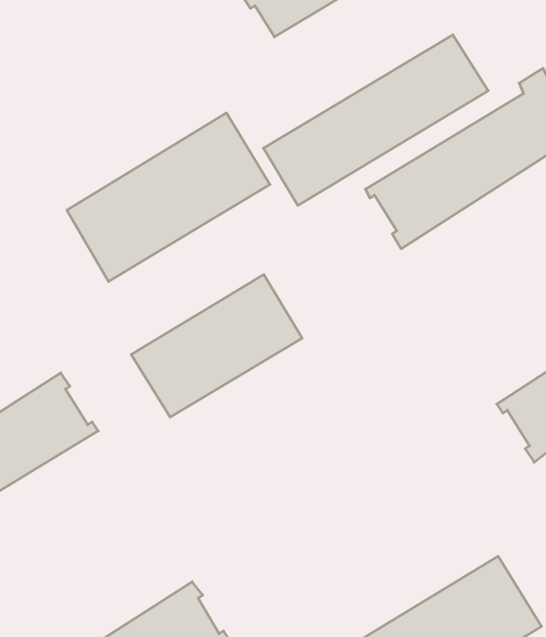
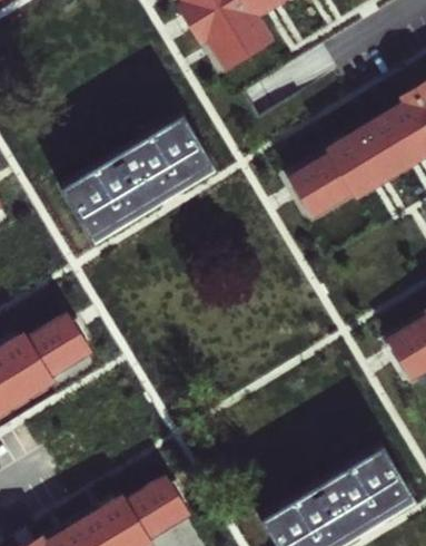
building: [263,35,488,205] -> none
building: [131,275,302,417] -> none

